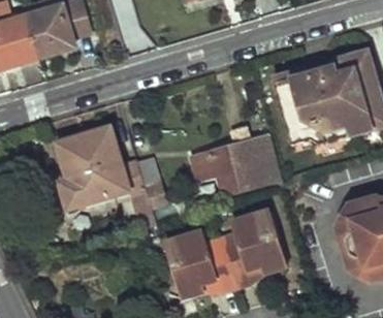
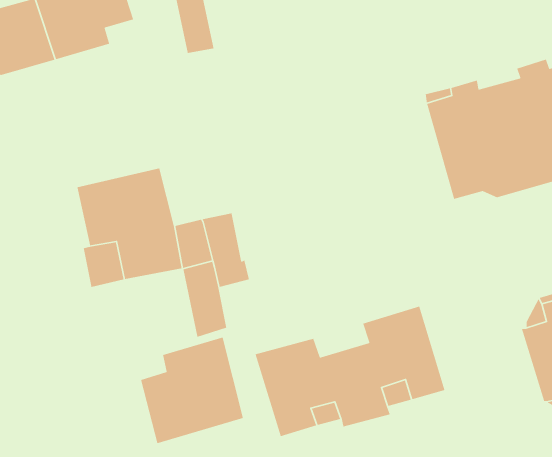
building: [194,141,286,194] -> none
building: none -> [140,337,244,444]

